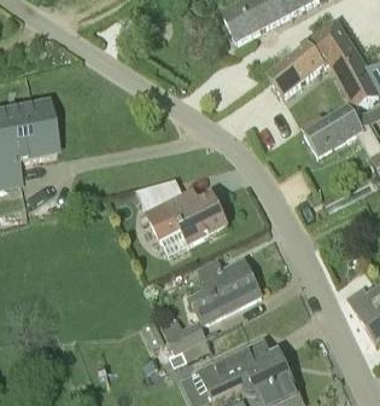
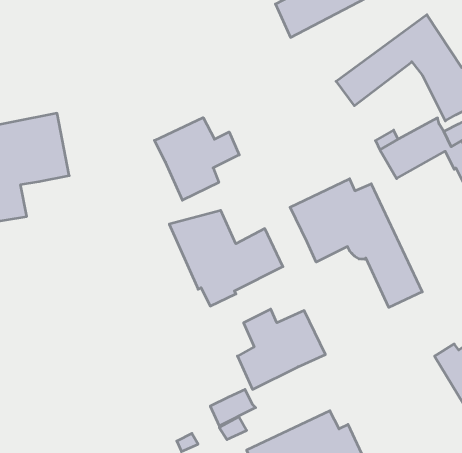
building: none -> [154,118,239,200]
building: none -> [290,179,422,307]

